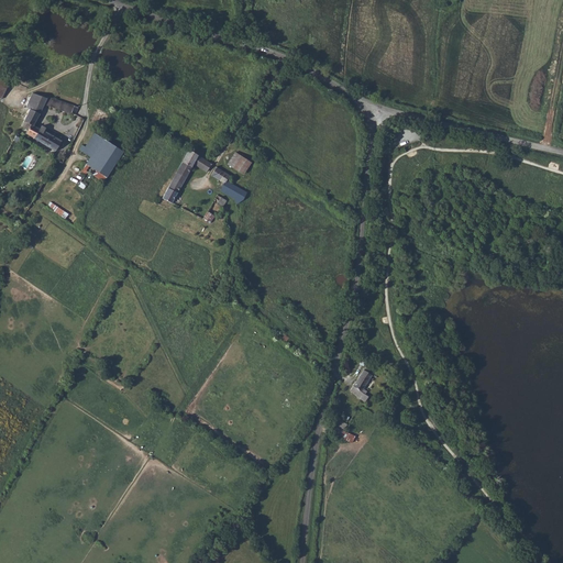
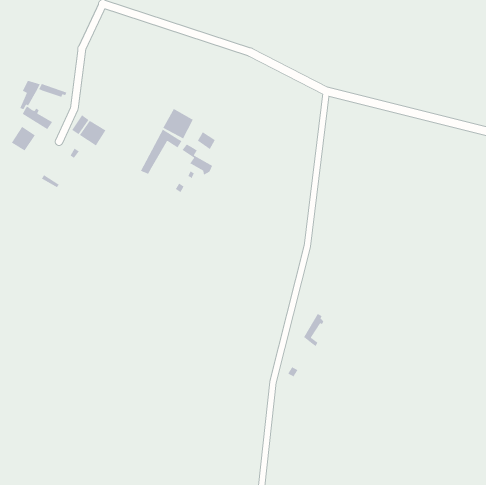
building: none -> [162,108,194,140]
building: none -> [11,126,36,151]

